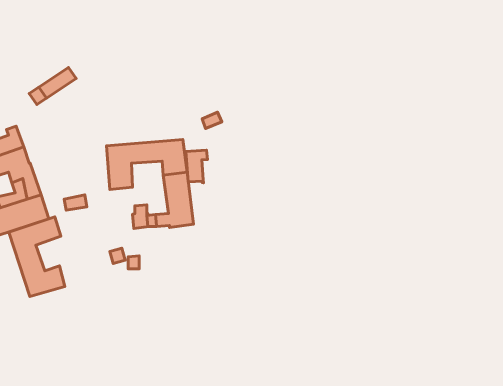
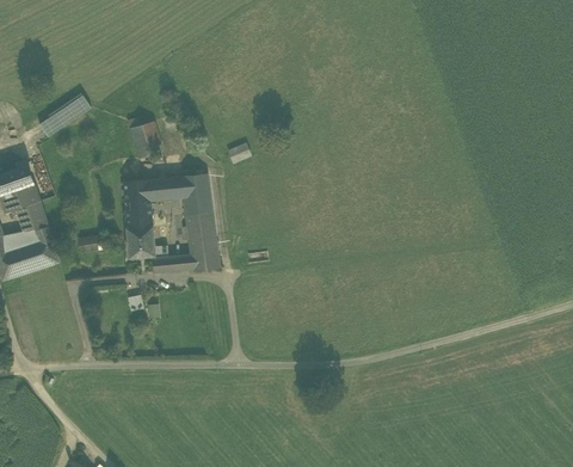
building: none -> [127,117,161,159]
building: [186,150,208,183] -> none
building: none -> [127,227,154,258]
building: [9,217,65,297] -> none

